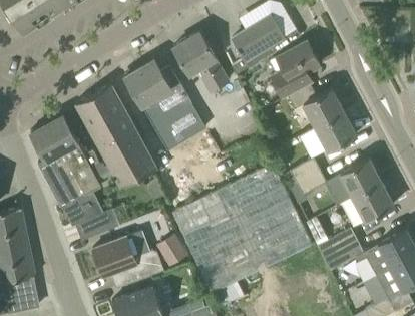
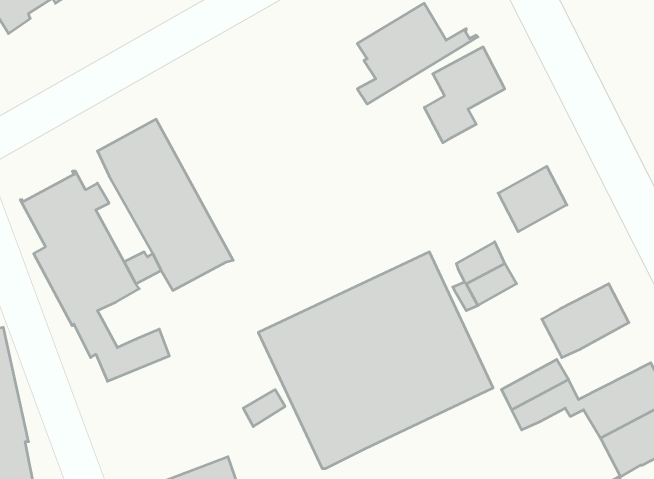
building: [172,31,228,91] -> none
building: [123,58,200,178] -> none
building: [287,82,344,127] -> none
building: [339,159,381,197] -> none
building: [91,233,163,288] -> none

